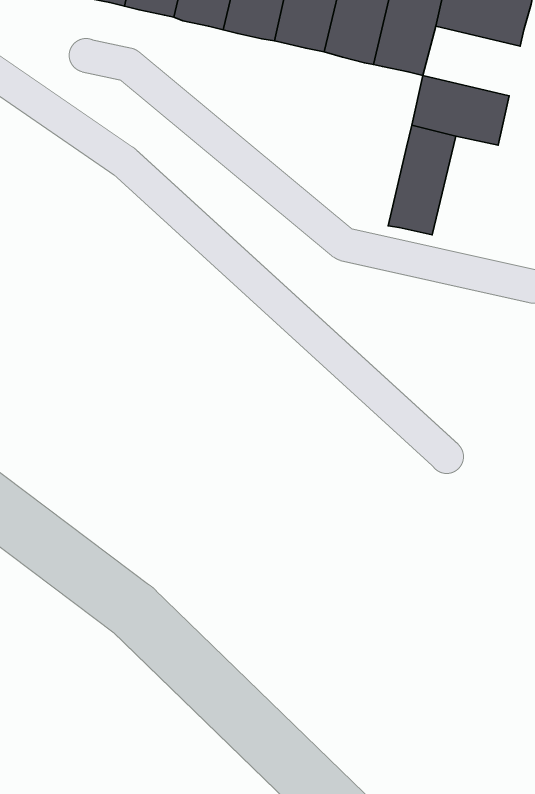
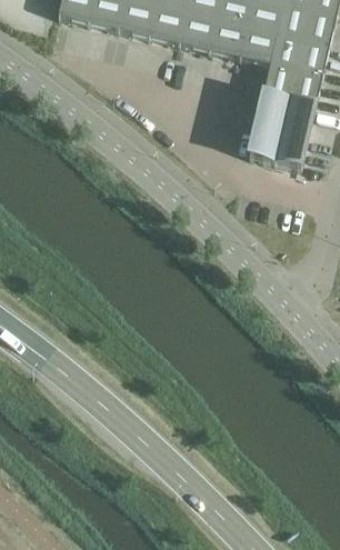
building: none -> [268,36,327,78]
building: none -> [273,102,313,169]

